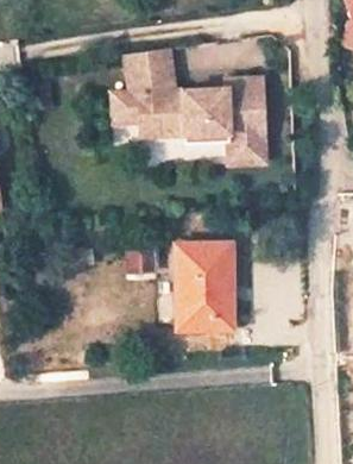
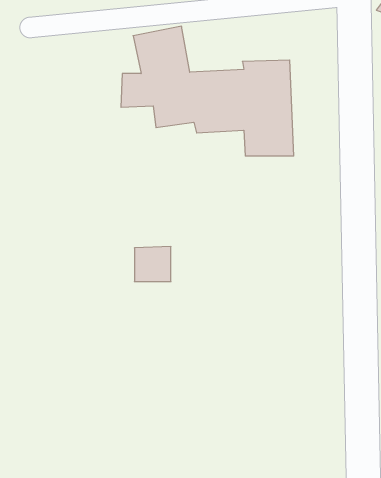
building: [176,246,231,331] -> none

